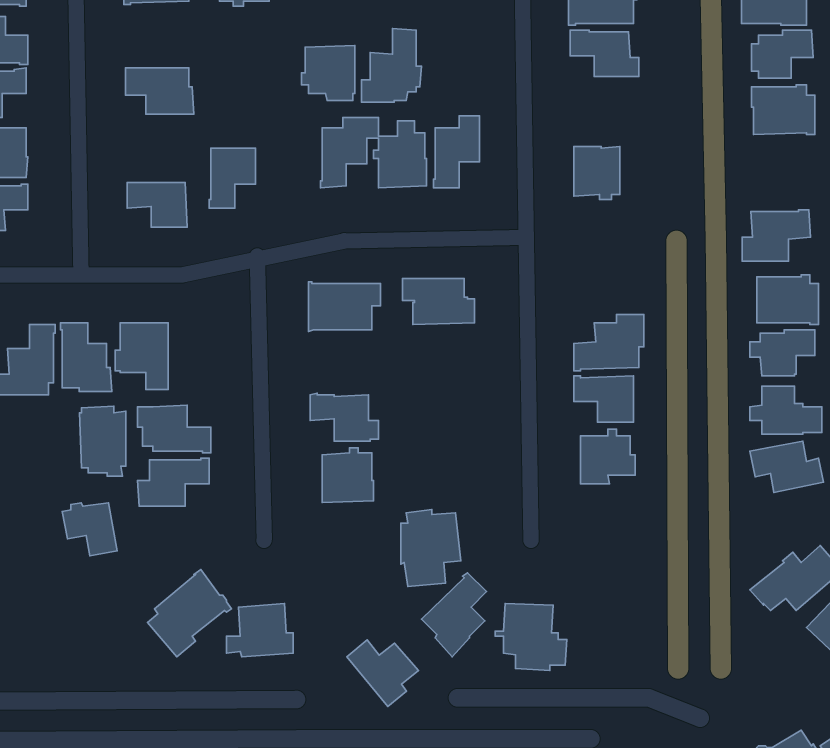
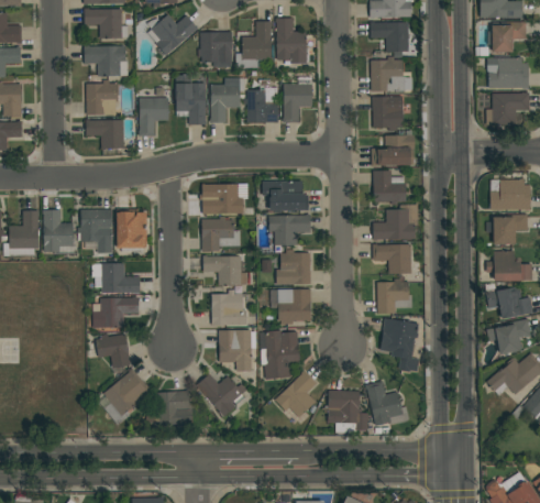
building: none -> [85,9,129,39]
building: none -> [147,14,198,55]
building: none -> [276,19,307,65]
building: none -> [371,57,414,91]
building: none -> [176,75,207,125]
building: none -> [86,80,119,116]
building: none -> [372,131,415,167]
building: [742,210,811,261] -> [486,92,530,125]
building: none -> [373,171,406,205]
building: none -> [269,215,310,245]
building: none -> [202,217,241,252]
building: none -> [276,250,311,285]
building: [80,406,126,476] -> [117,209,146,254]
building: none -> [271,289,311,325]
building: none -> [381,319,419,372]
building: none -> [486,319,531,354]
building: [62,503,117,556] -> [96,335,131,369]
building: none -> [219,330,252,365]
building: none -> [365,381,409,426]
building: [347,640,419,706] -> [197,374,243,417]

